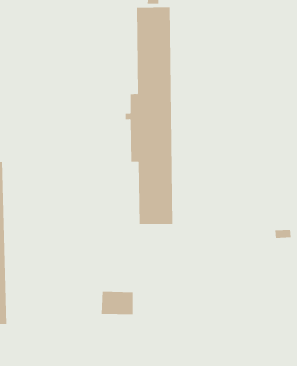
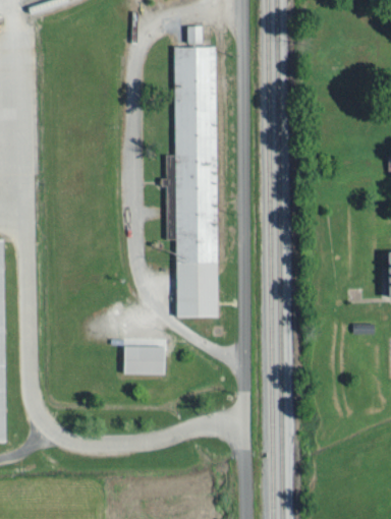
building: [101,291,134,315] -> [124,346,165,376]

